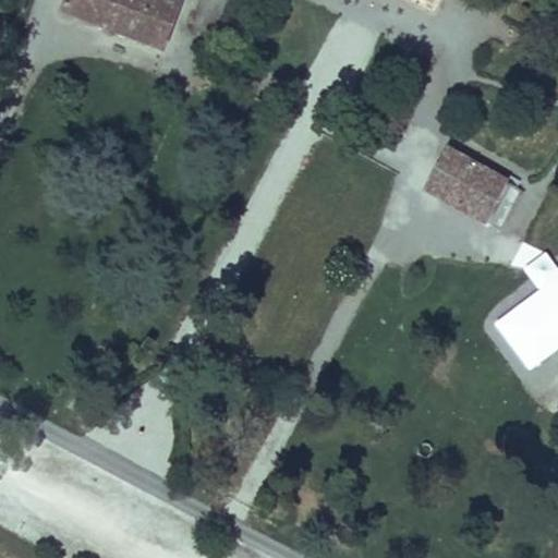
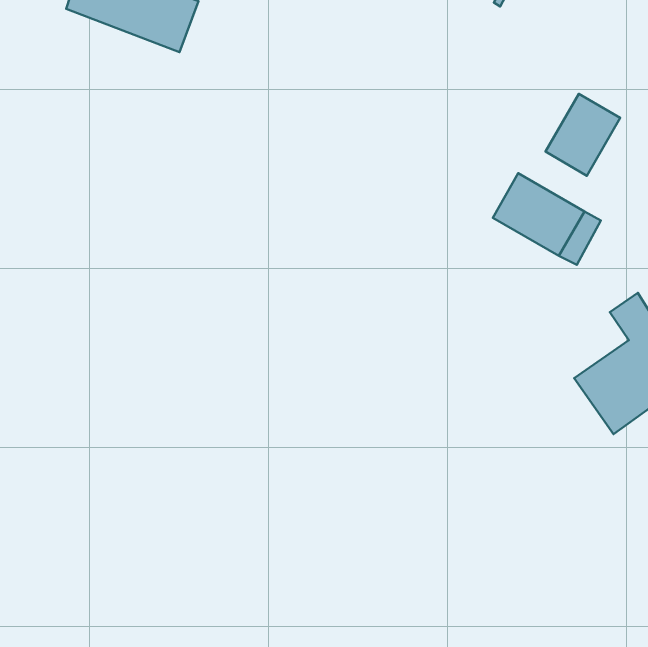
building: none -> [545,94,620,176]

